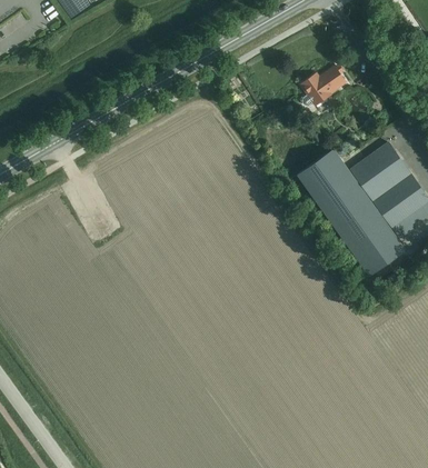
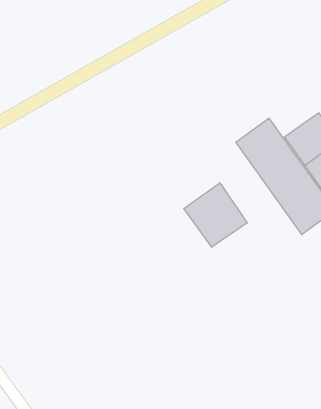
building: [301,66,346,104] -> none
building: none -> [184,183,247,247]

